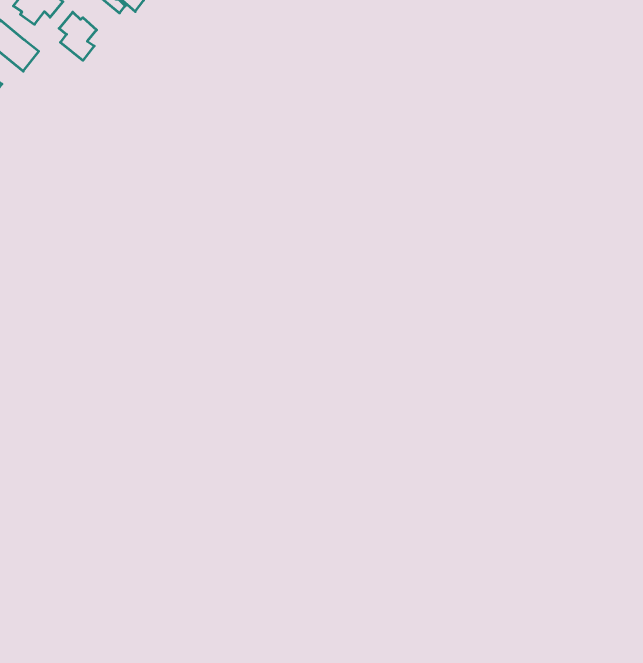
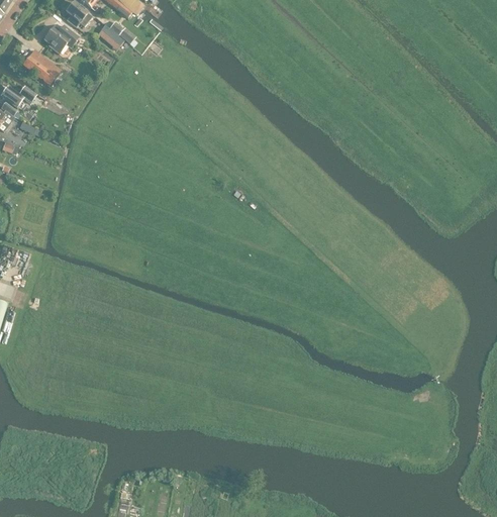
building: [59,12,97,60] -> none

